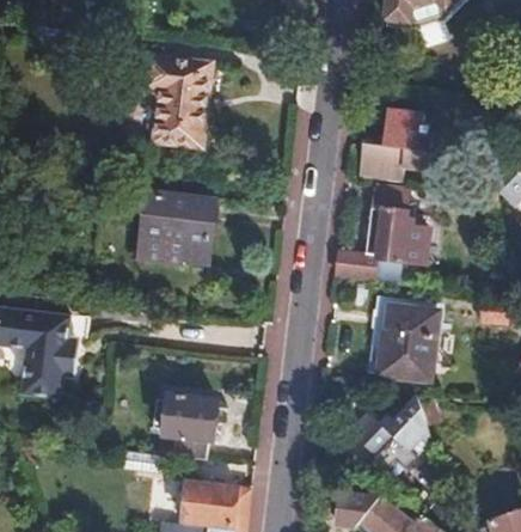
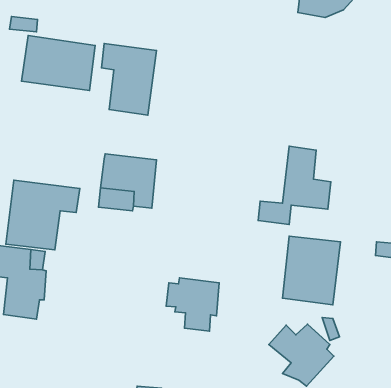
building: none -> [21,36,95,90]
building: [357,112,423,183] -> none
building: none -> [6,180,80,250]
building: [151,396,216,461] -> [166,278,219,331]

